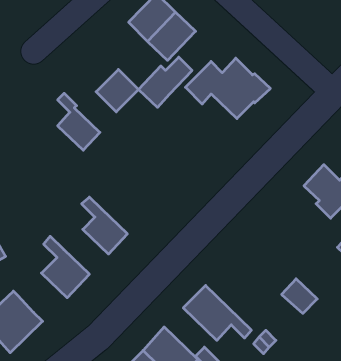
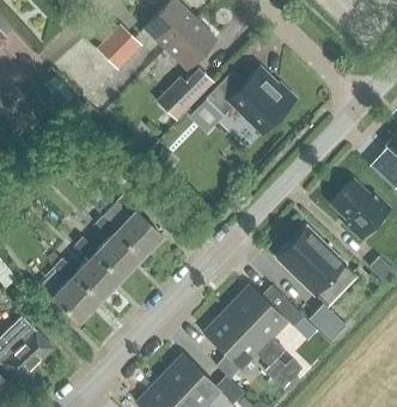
building: [96,69,139,112] -> [97,25,142,71]
building: [58,93,100,150] -> [116,194,161,255]
building: none -> [277,227,354,296]
building: none -> [74,236,123,298]
building: none -> [227,285,304,358]

